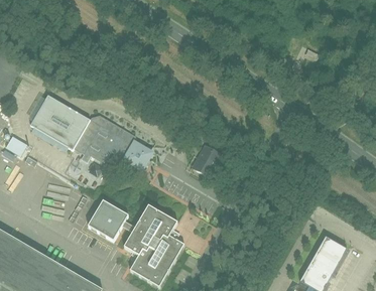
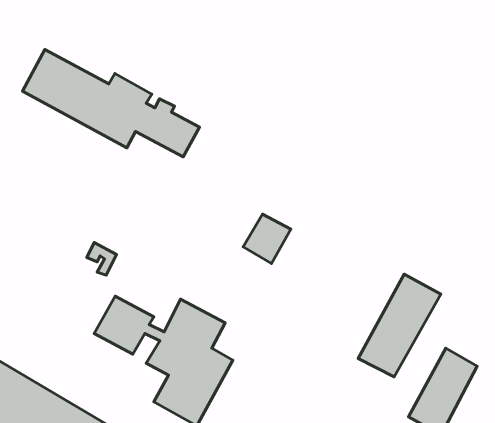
building: [38,99,158,171] -> [22,50,200,157]
building: none -> [358,274,441,377]

